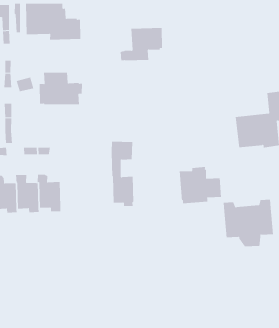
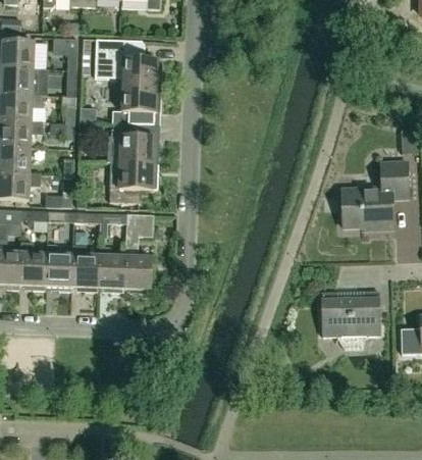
building: [120,27,163,61] -> [108,85,161,124]
building: none -> [110,162,158,203]
building: [111,141,134,207] -> [125,213,154,294]
building: [179,166,221,204] -> none

